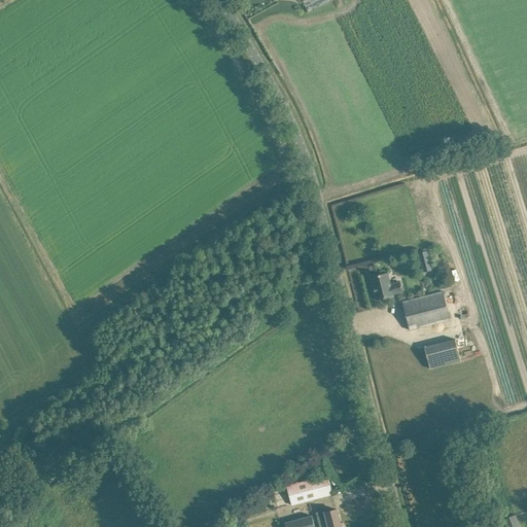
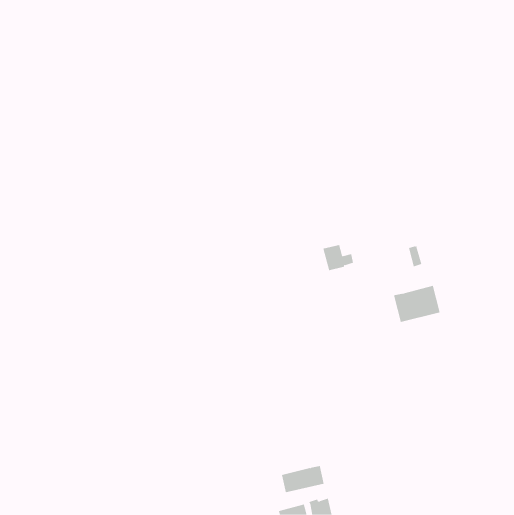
building: [370,273,401,300] -> [323,245,354,271]
building: [424,339,460,368] -> none

